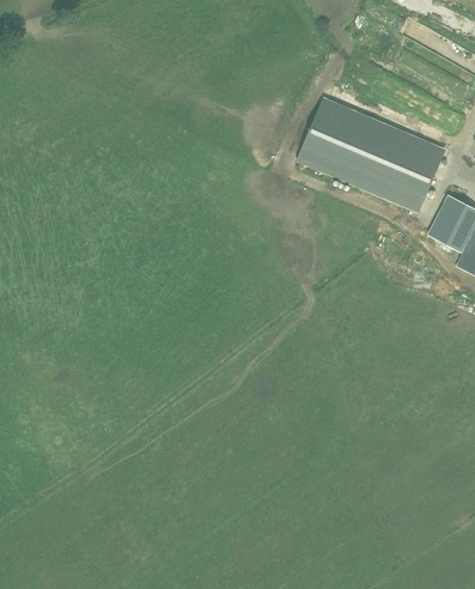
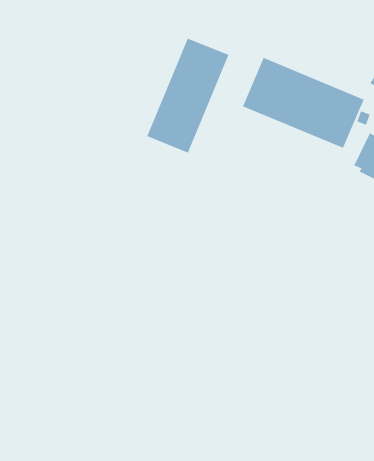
building: none -> [147,38,229,153]

